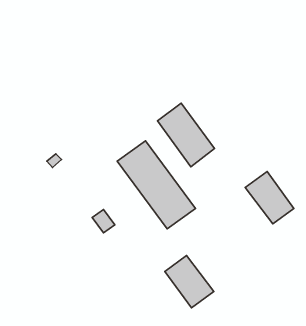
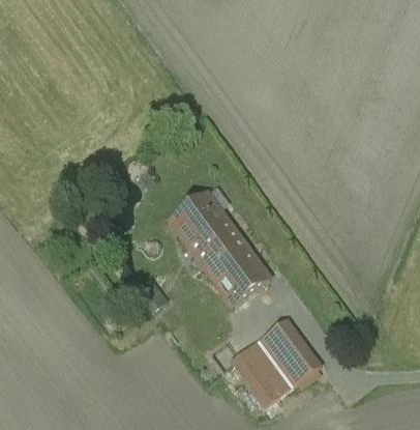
building: [157,103,215,167] -> none
building: [245,171,294,224] -> [260,317,322,384]

